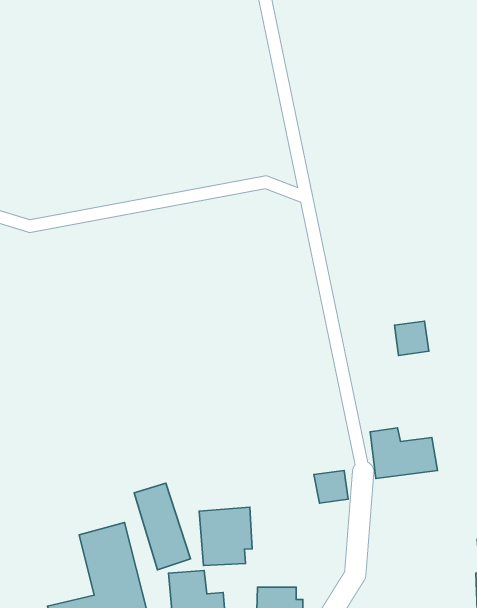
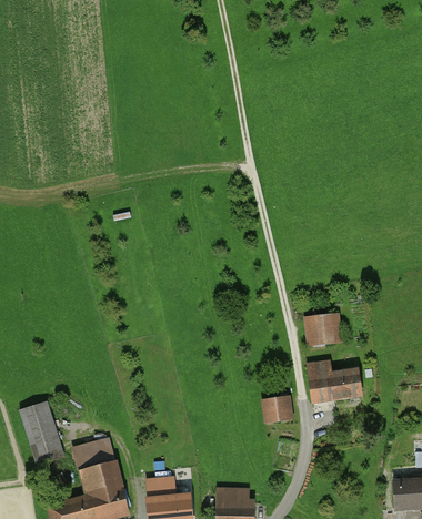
building: [394,321,429,355] -> [310,315,338,343]
building: [134,483,190,570] -> [21,403,67,472]
building: [199,507,252,565] -> none

